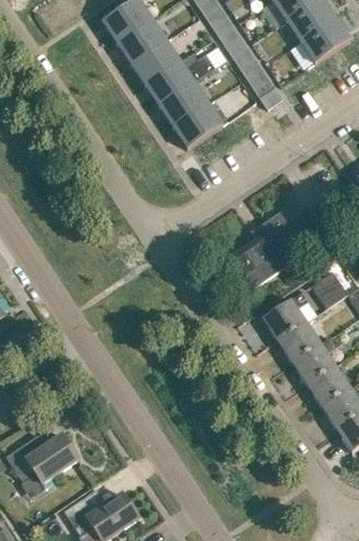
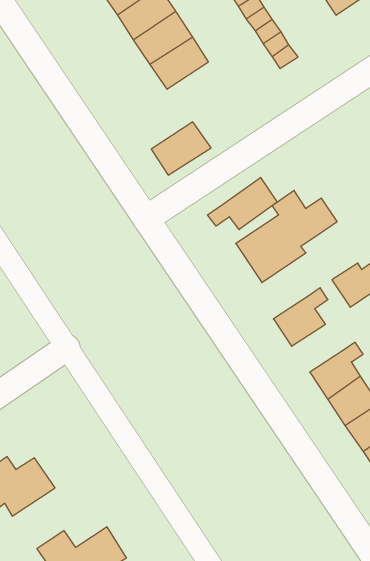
building: [172,102,222,147] -> [151,122,211,175]
building: none -> [207,177,277,230]
building: [276,322,320,362] -> none

